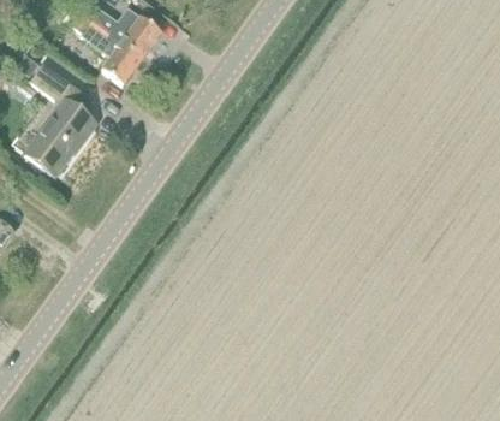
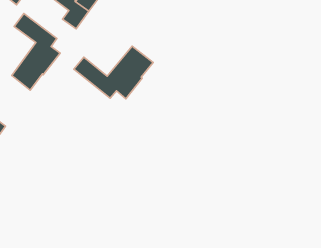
building: none -> [74,46,153,99]

